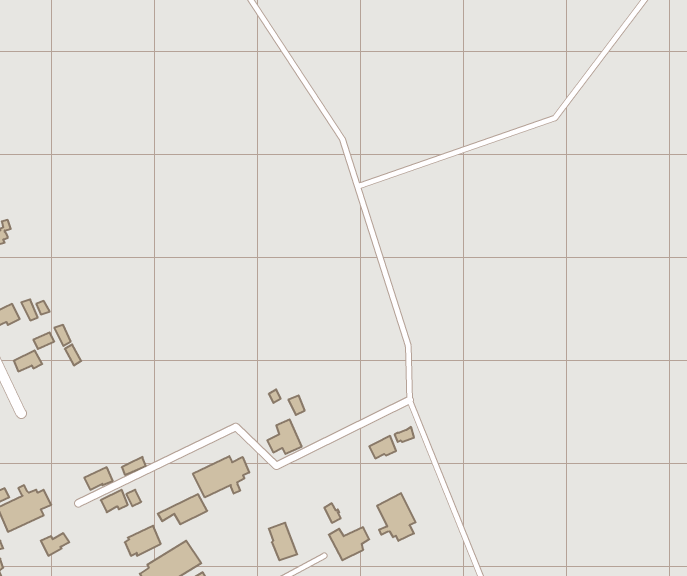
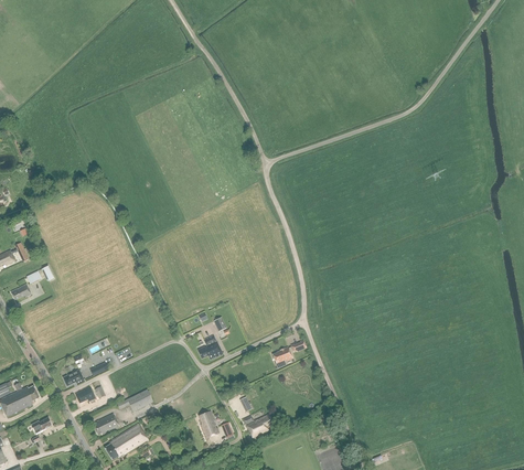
building: [193,456,249,497] -> none
building: [377,493,416,541] -> none

